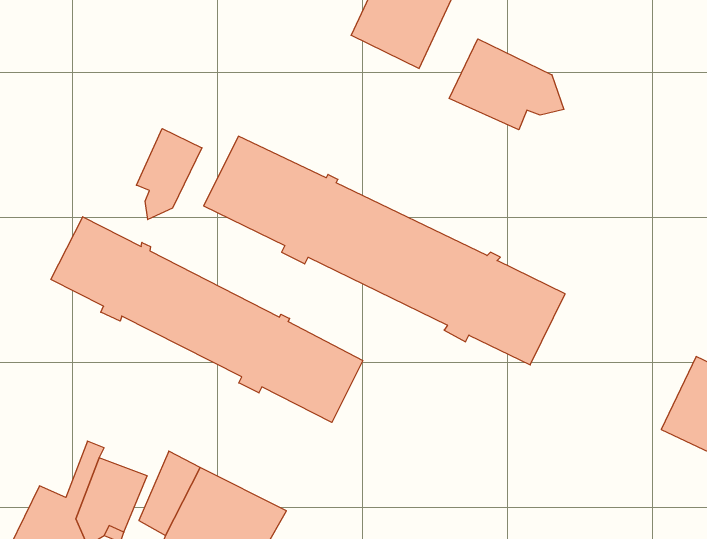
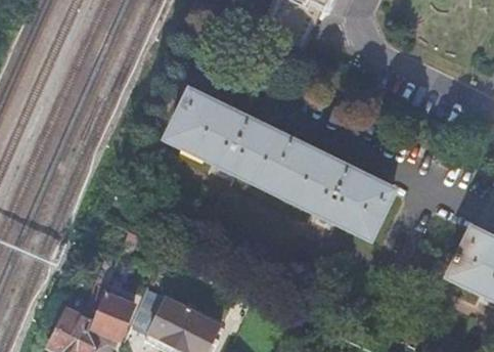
building: [449,39,564,130] -> none
building: [136,129,202,220] -> none
building: [51,217,363,422] -> none

